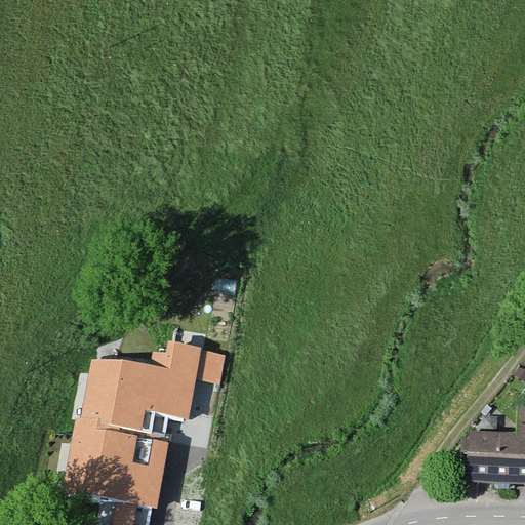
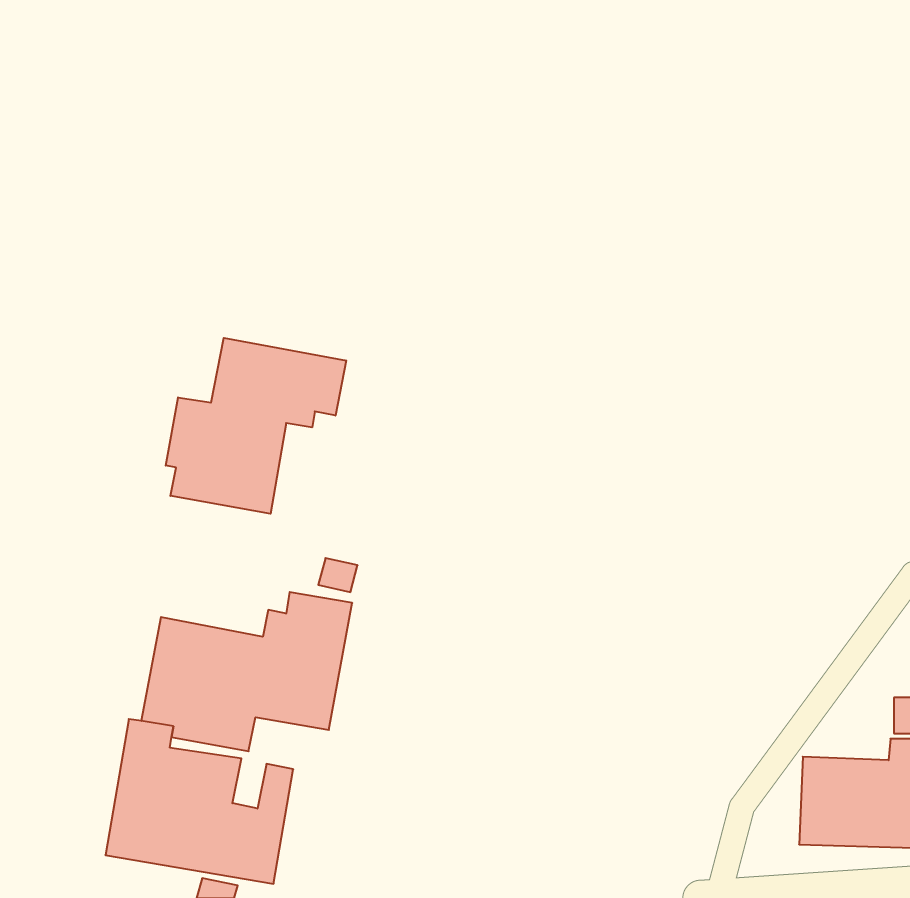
building: none -> [166,338,346,514]

